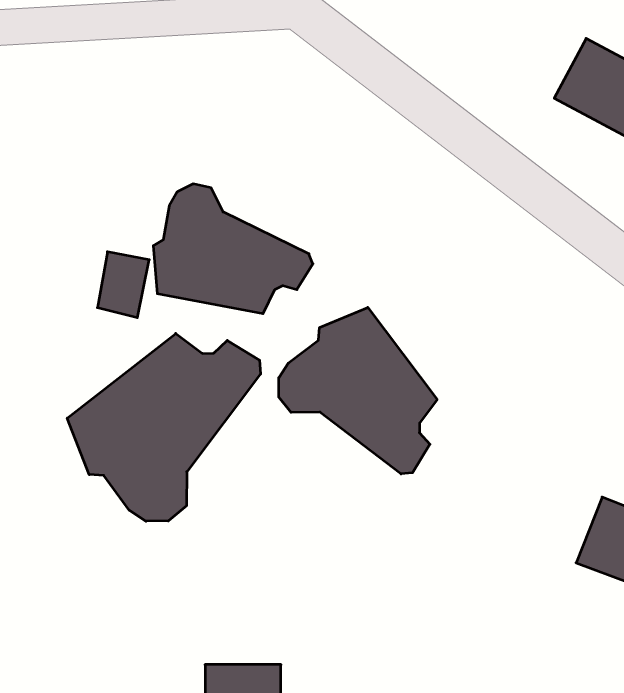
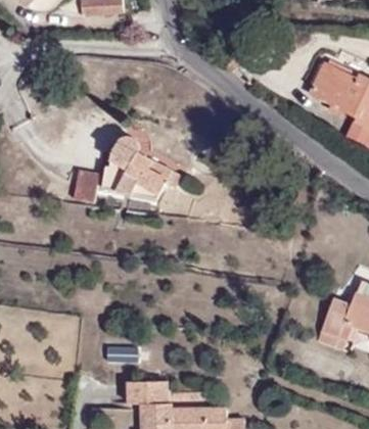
building: [279,307,437,474] -> none
building: [67,333,261,521] -> none

